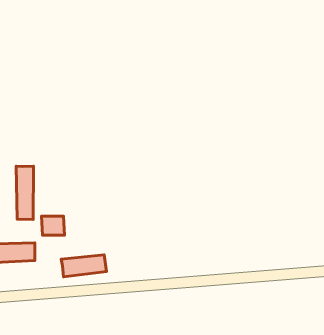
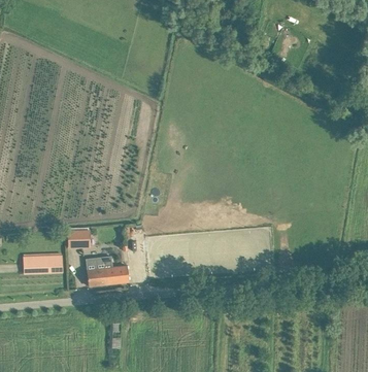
building: [16,166,33,219] -> none

